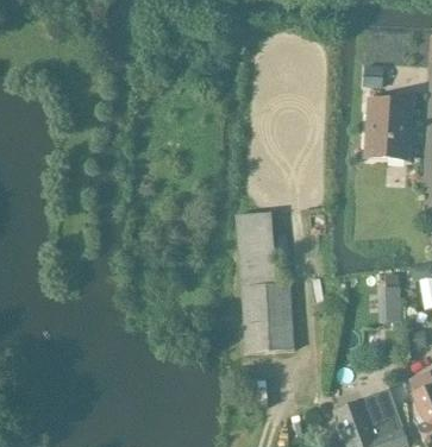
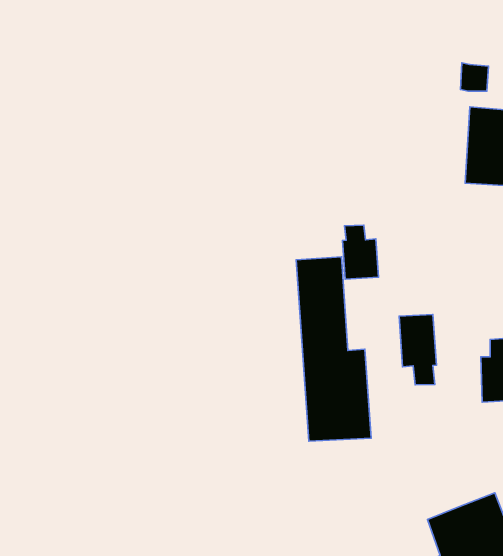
building: none -> [343,225,379,279]
building: none -> [399,314,436,385]

